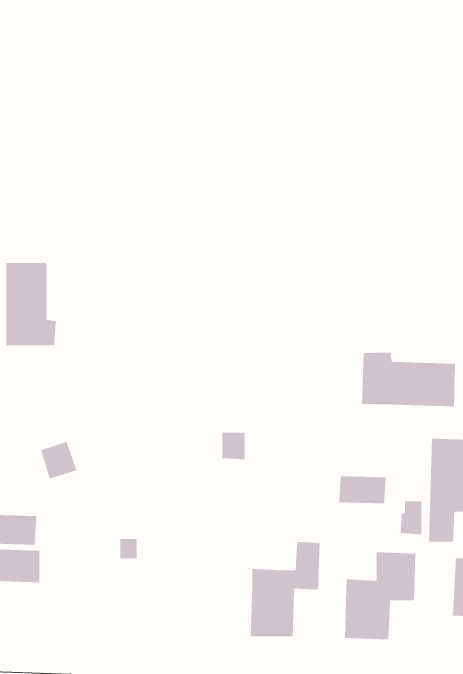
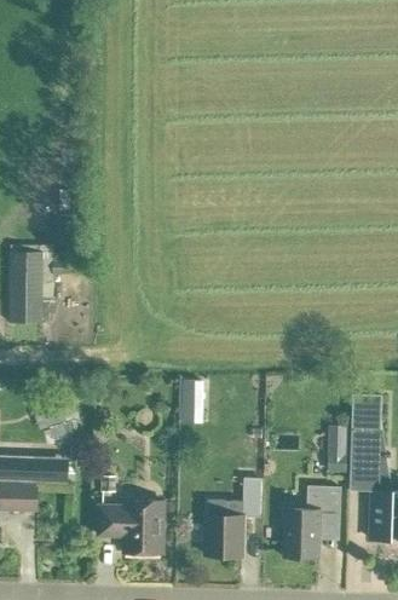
building: [361,352,456,407] -> none
building: [338,476,386,504] -> none
building: none -> [98,501,163,554]

